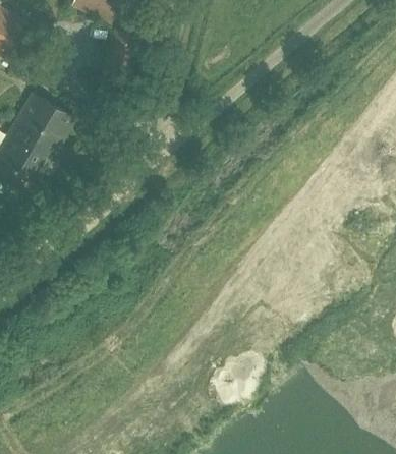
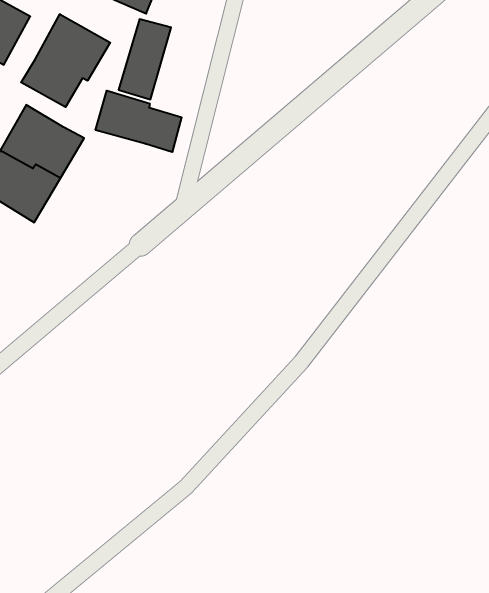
building: none -> [21,14,110,107]
building: none -> [96,91,182,152]

